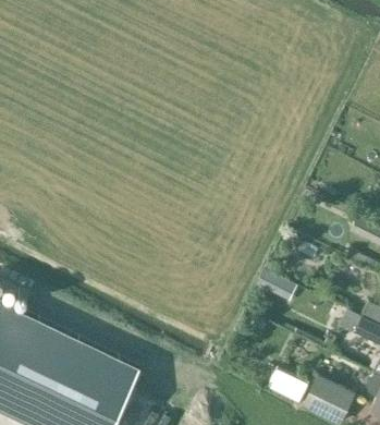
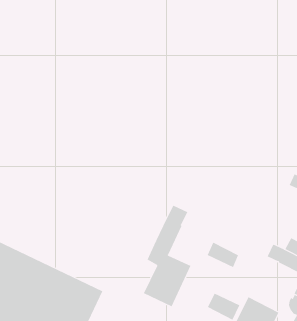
building: none -> [143,205,191,307]
building: [256,271,295,303] -> [207,242,239,268]

